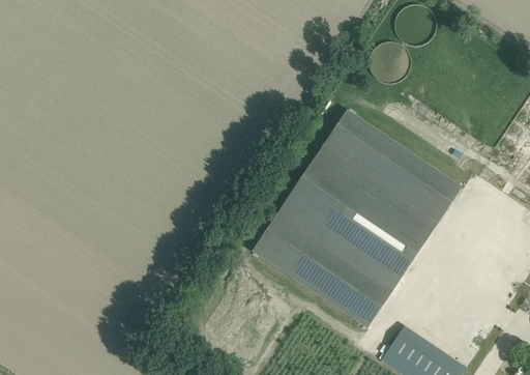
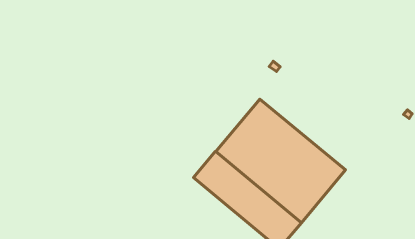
building: [324,110,460,221] -> none

